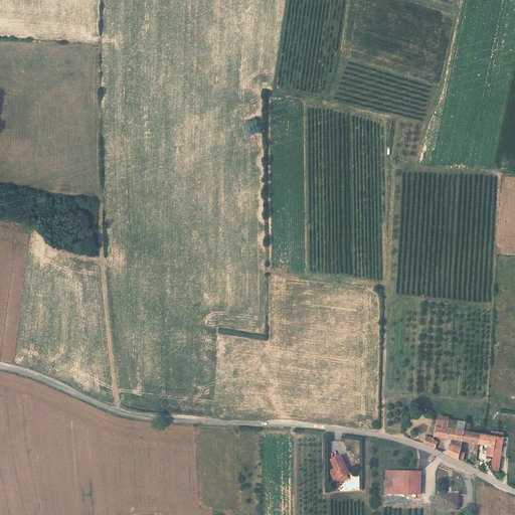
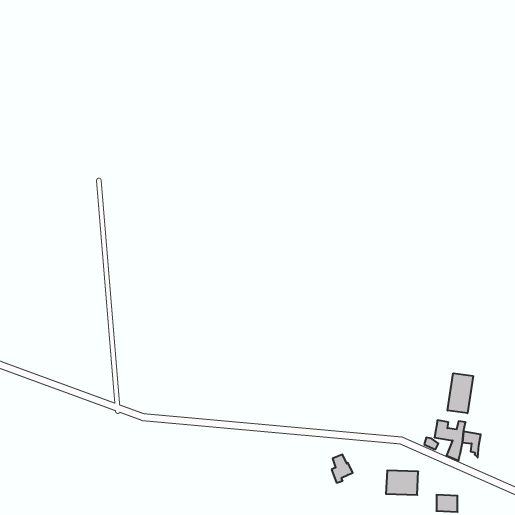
building: none -> [448,373,473,413]
building: [478,434,504,466] -> none

